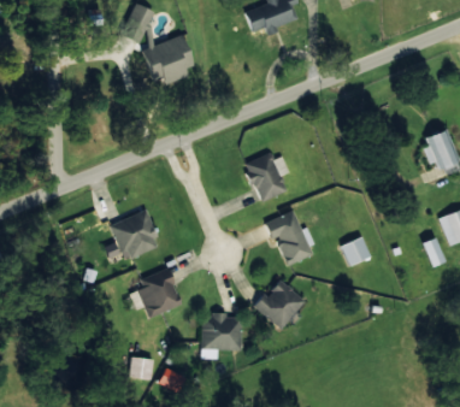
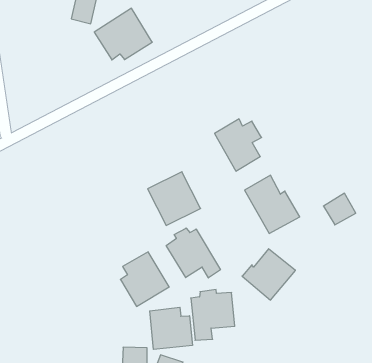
building: [112,211,160,260] -> [148,172,201,225]
building: none -> [166,228,220,278]
building: none -> [150,307,192,349]

